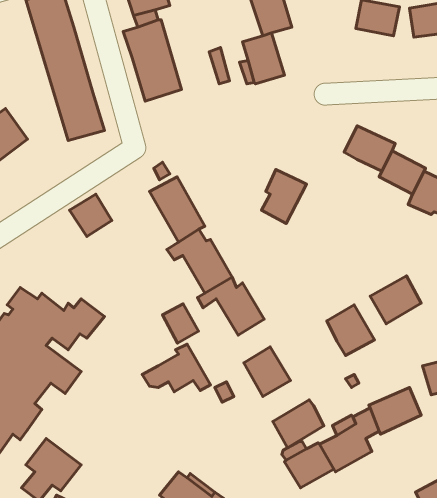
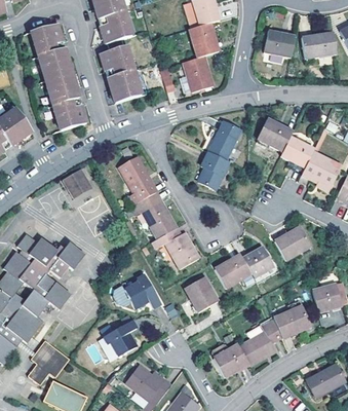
building: none -> [207,120,240,159]
building: [162,304,199,343] -> none
building: [273,400,324,448] -> [215,254,250,288]
building: none -> [104,320,138,357]

